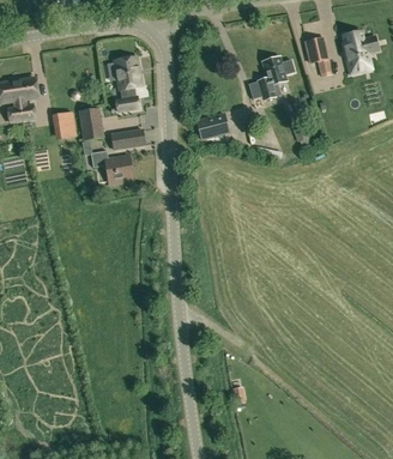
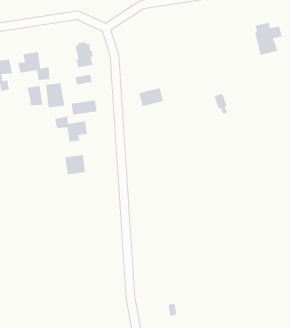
building: [306,37,331,74] -> none
building: [248,55,295,99] -> none
building: none -> [17,51,50,81]
building: none -> [65,154,86,175]

